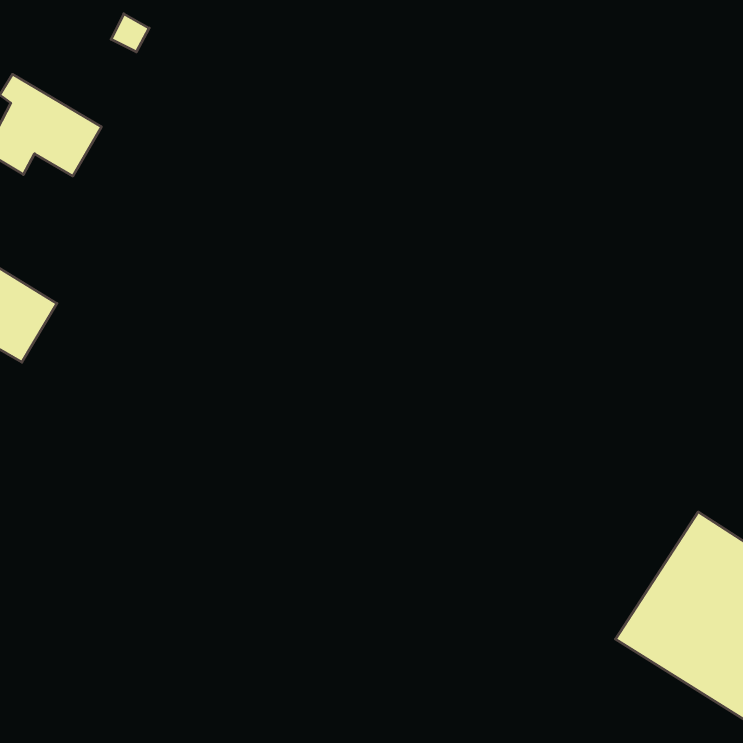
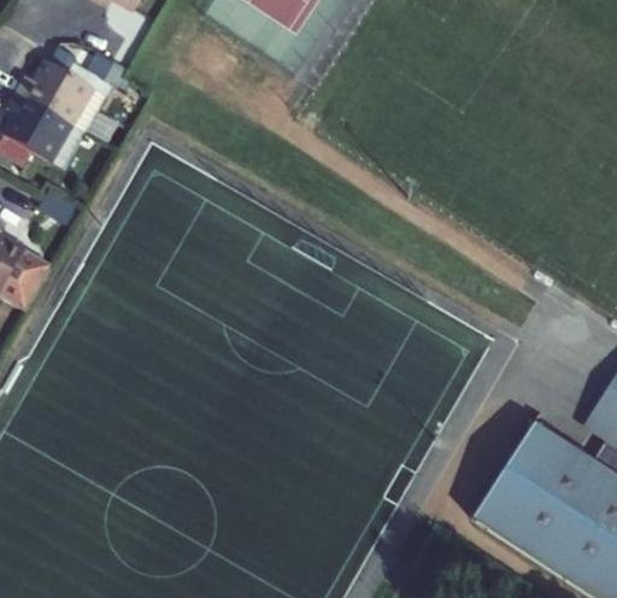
building: none -> [16,58,104,129]

